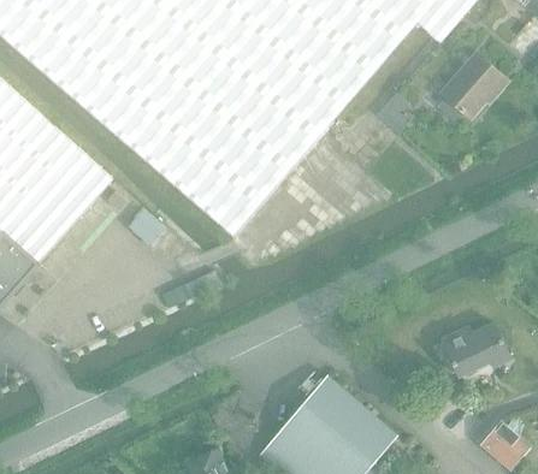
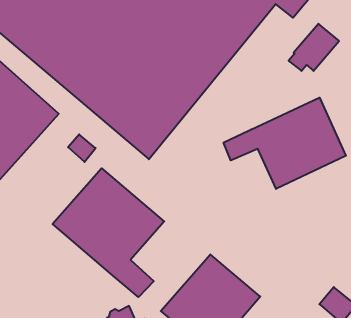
building: none -> [224,98,346,189]
building: none -> [53,168,164,297]
building: [442,321,510,373] -> none

